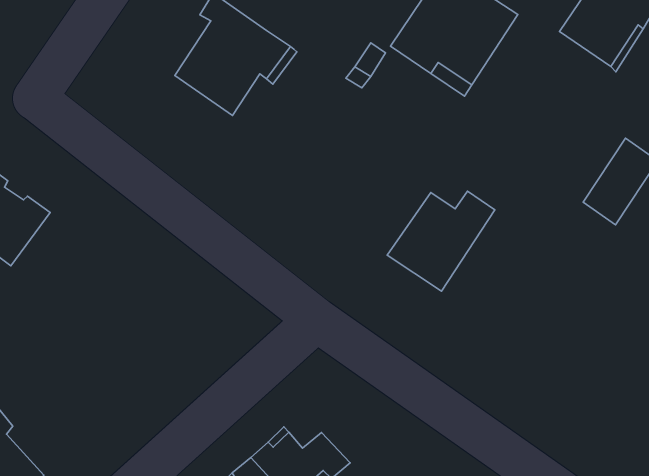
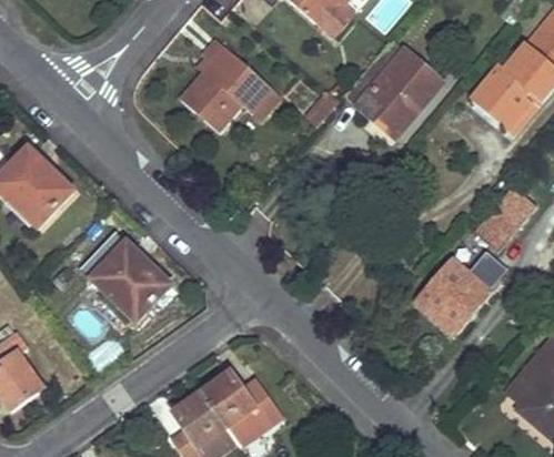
building: [387,191,495,291] -> [415,258,501,334]
building: none -> [92,241,172,321]

